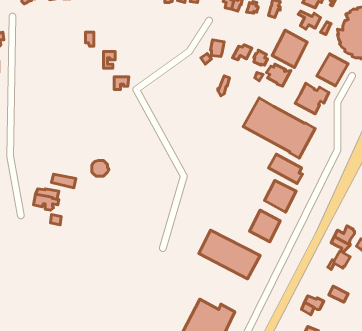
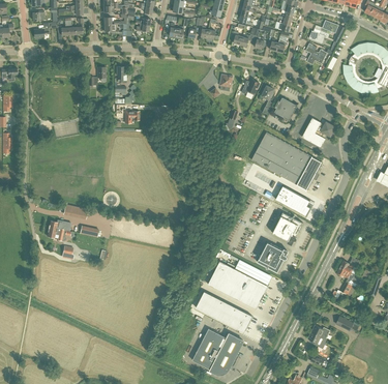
building: [272,30,307,67] -> none
building: [317,54,348,86] -> none
building: none -> [196,292,250,332]

